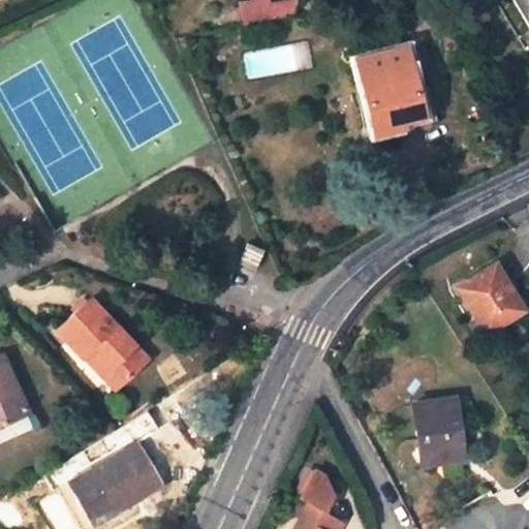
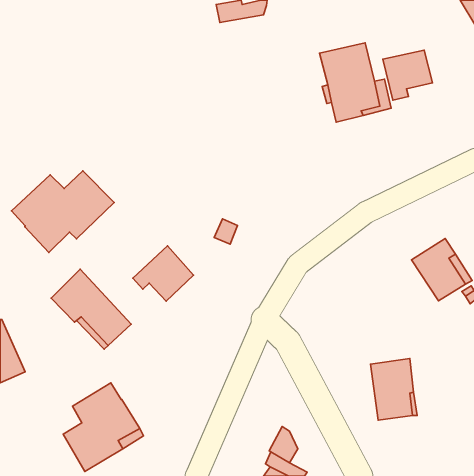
building: none -> [383,50,432,100]
building: none -> [11,171,114,252]
building: none -> [133,246,193,301]

